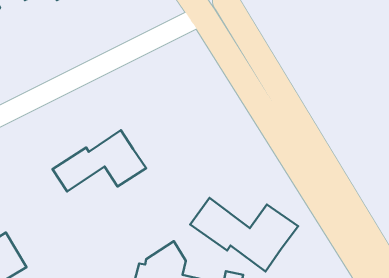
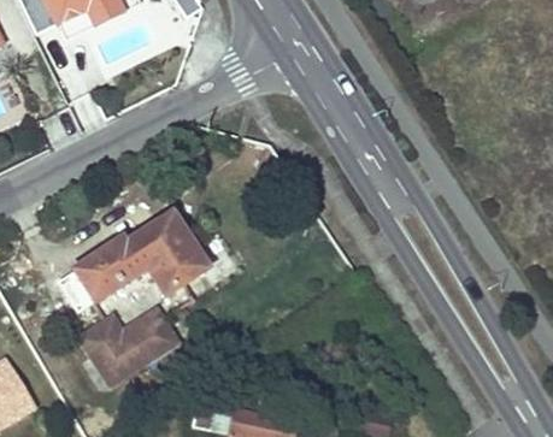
building: [190,198,298,271] -> none
building: none -> [81,308,176,382]

